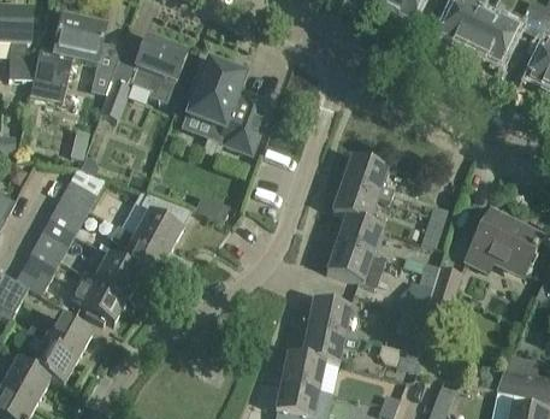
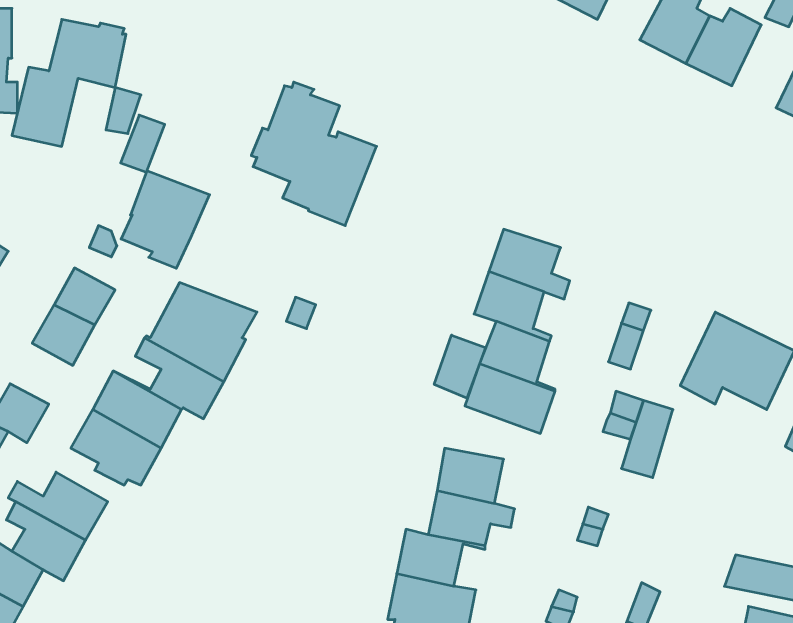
building: [130,36,188,100] -> [121,171,210,268]
building: none -> [434,335,485,398]
building: [29,229,70,268] -> none

